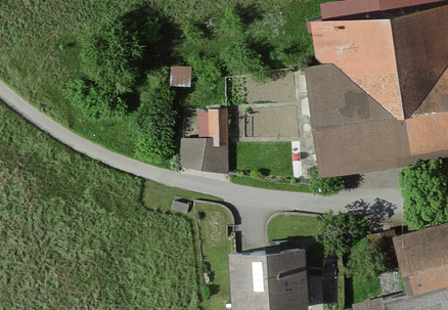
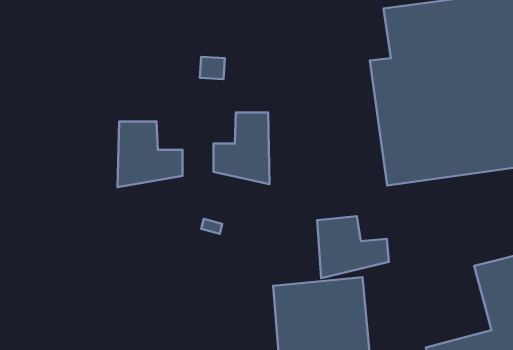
building: none -> [118,121,182,187]
building: none -> [317,216,389,278]

